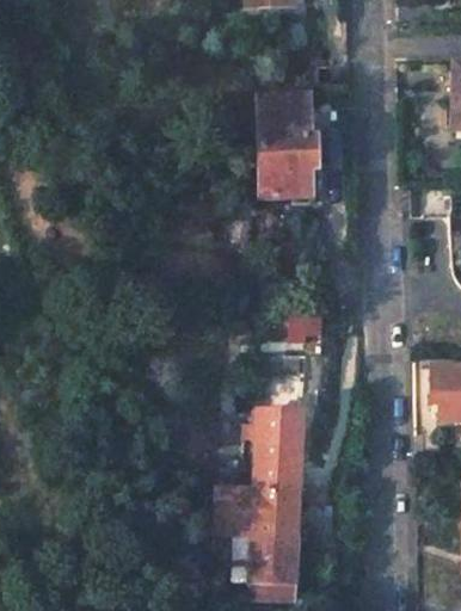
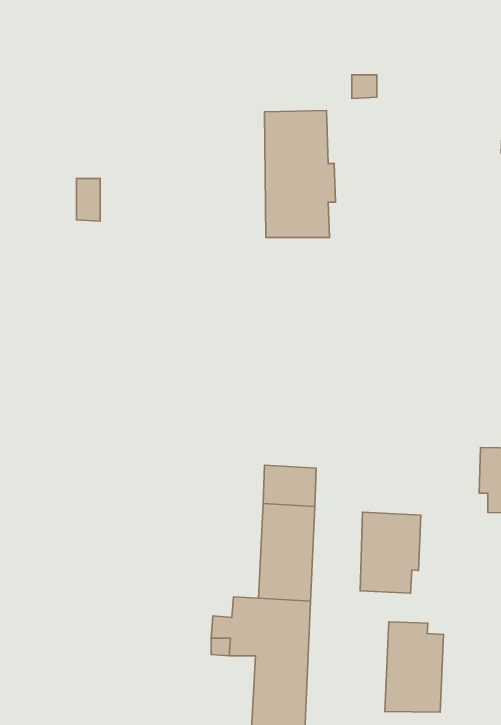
building: none -> [360,512,421,593]
building: none -> [385,622,443,712]

